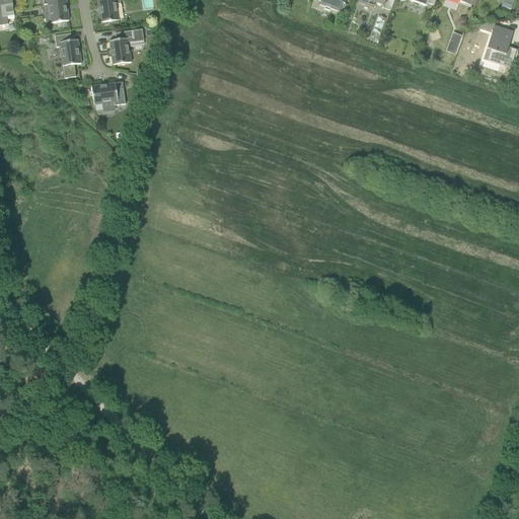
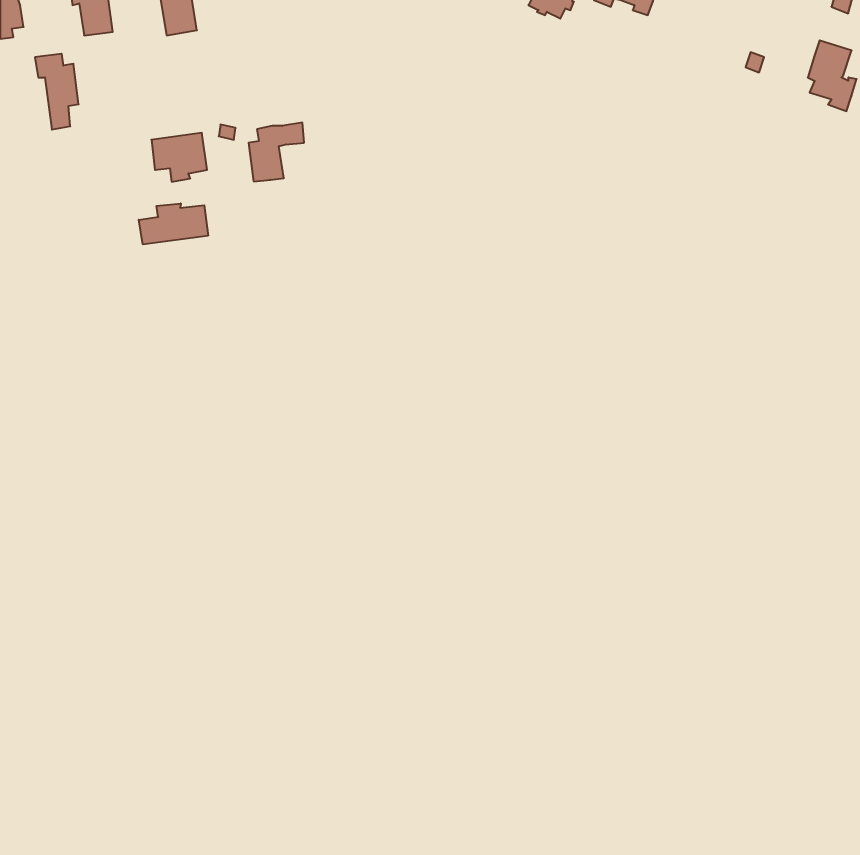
building: [109,27,143,63] -> [249,123,304,181]
building: [54,31,80,77] -> [35,54,79,130]
building: none -> [139,203,208,244]

